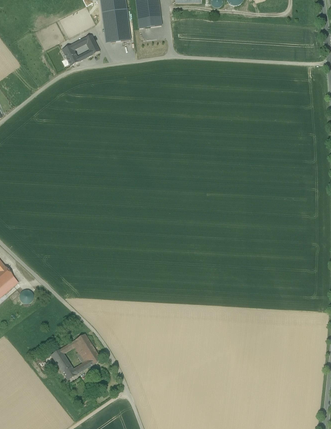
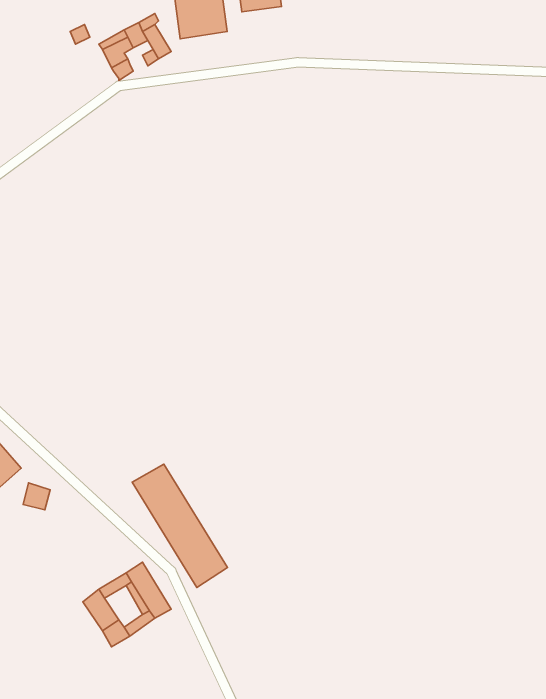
building: none -> [132,464,227,587]

